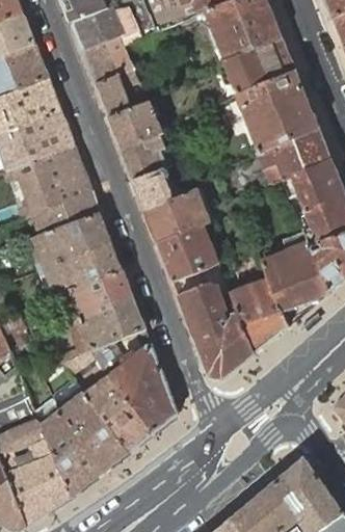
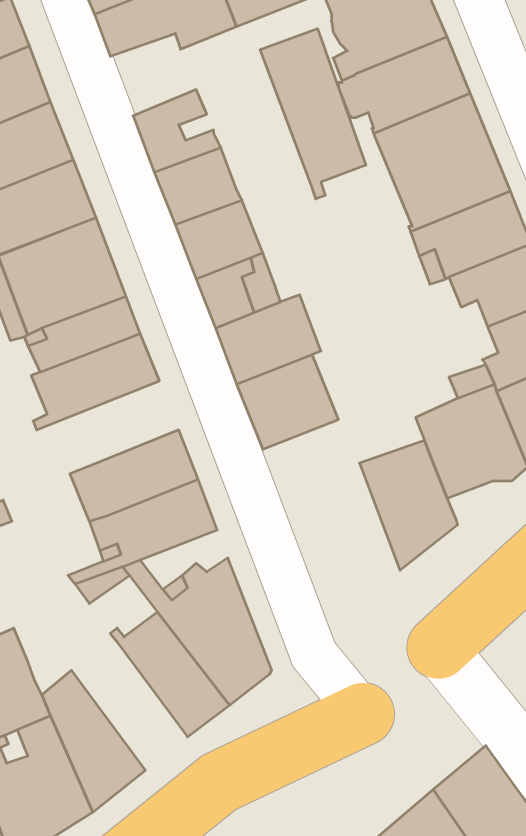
building: none -> [260,29,366,199]
building: [82,36,133,85] -> none
building: [38,242,123,297] -> none
building: [178,284,254,380] -> none
building: [59,391,128,473] -> none

